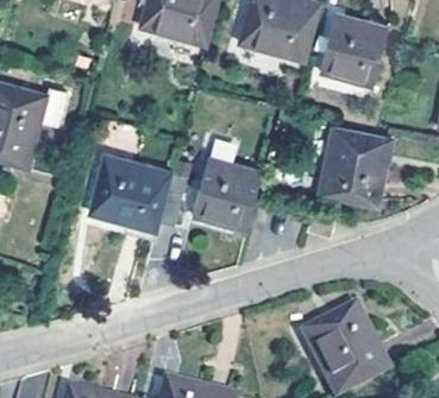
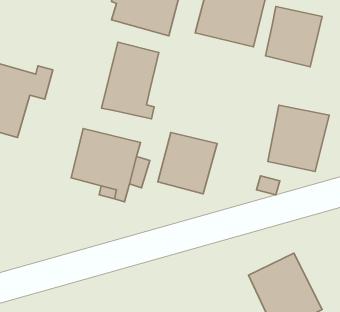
building: none -> [101,42,159,119]

